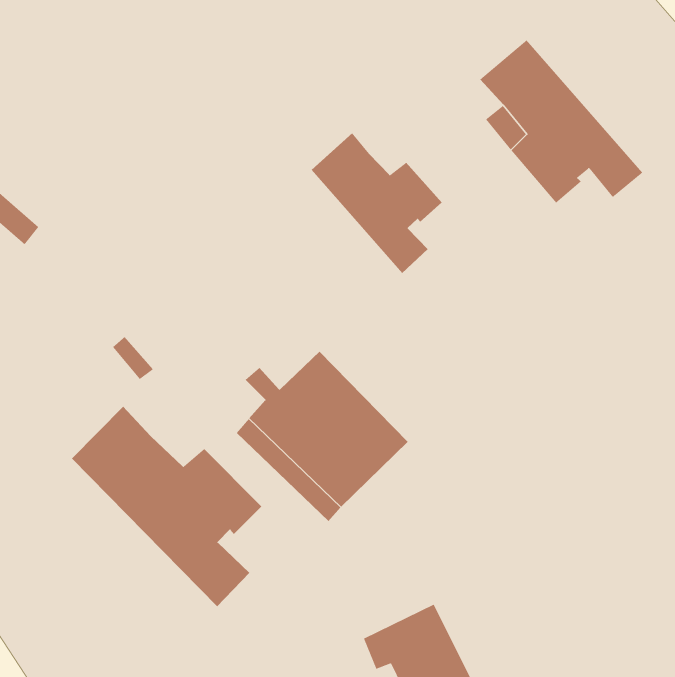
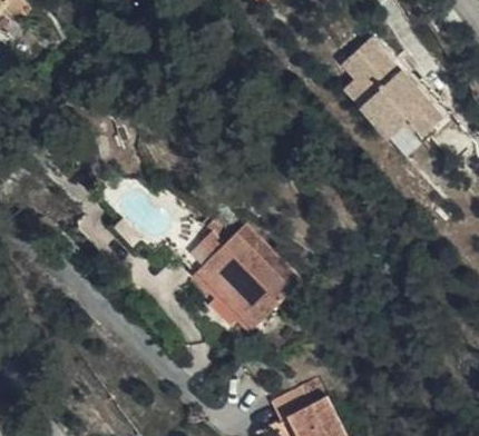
building: [311,132,443,274] -> none
building: [71,406,262,607] -> none

